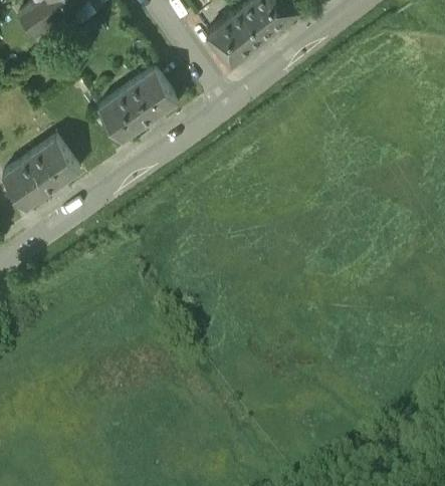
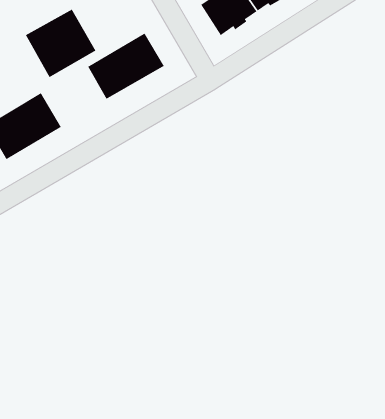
building: none -> [25,9,97,78]

